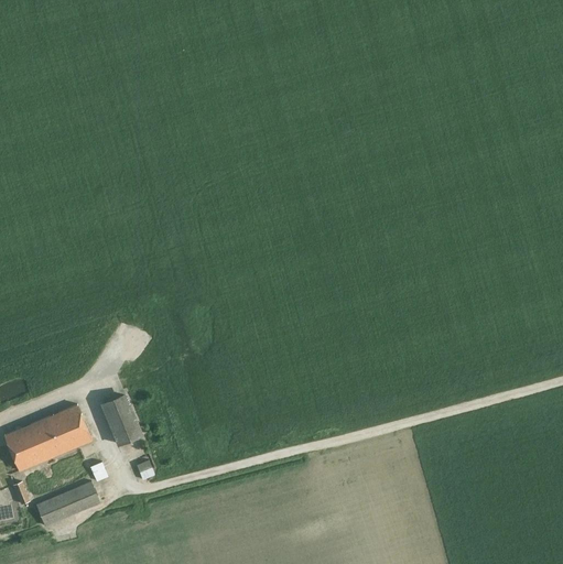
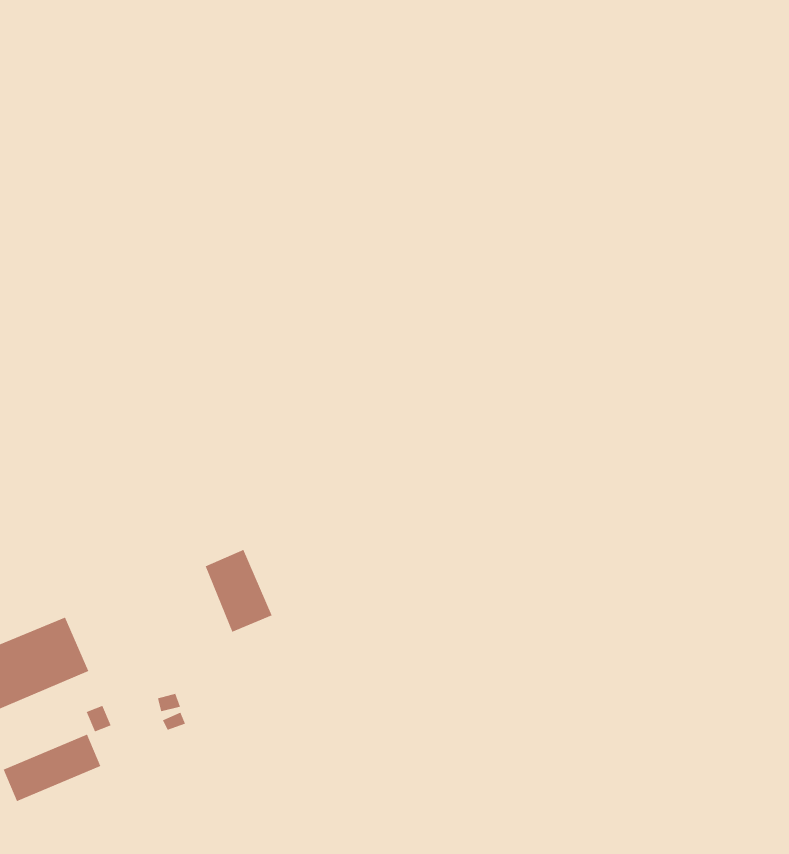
building: [100,392,144,446] -> [205,549,273,632]

